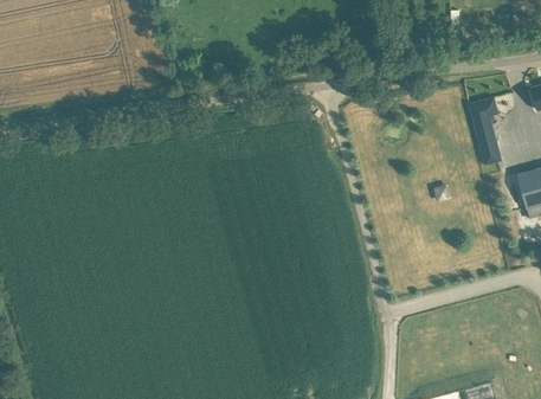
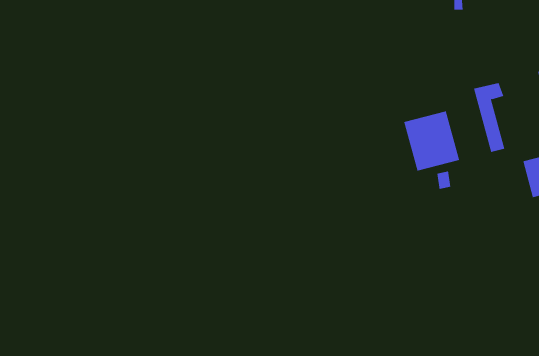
building: none -> [404,110,460,172]

